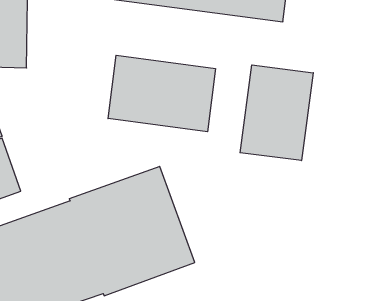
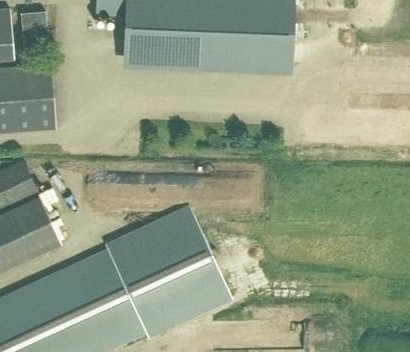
building: [108,55,215,132] -> none
building: [240,65,313,161] -> none

